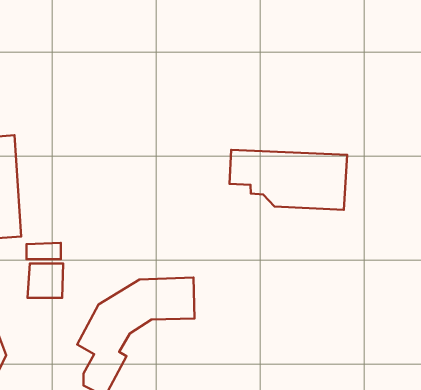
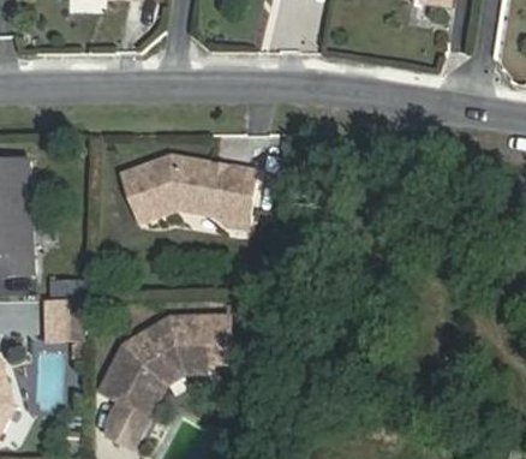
building: none -> [118,159,250,226]
building: [230,150,347,210] -> none

